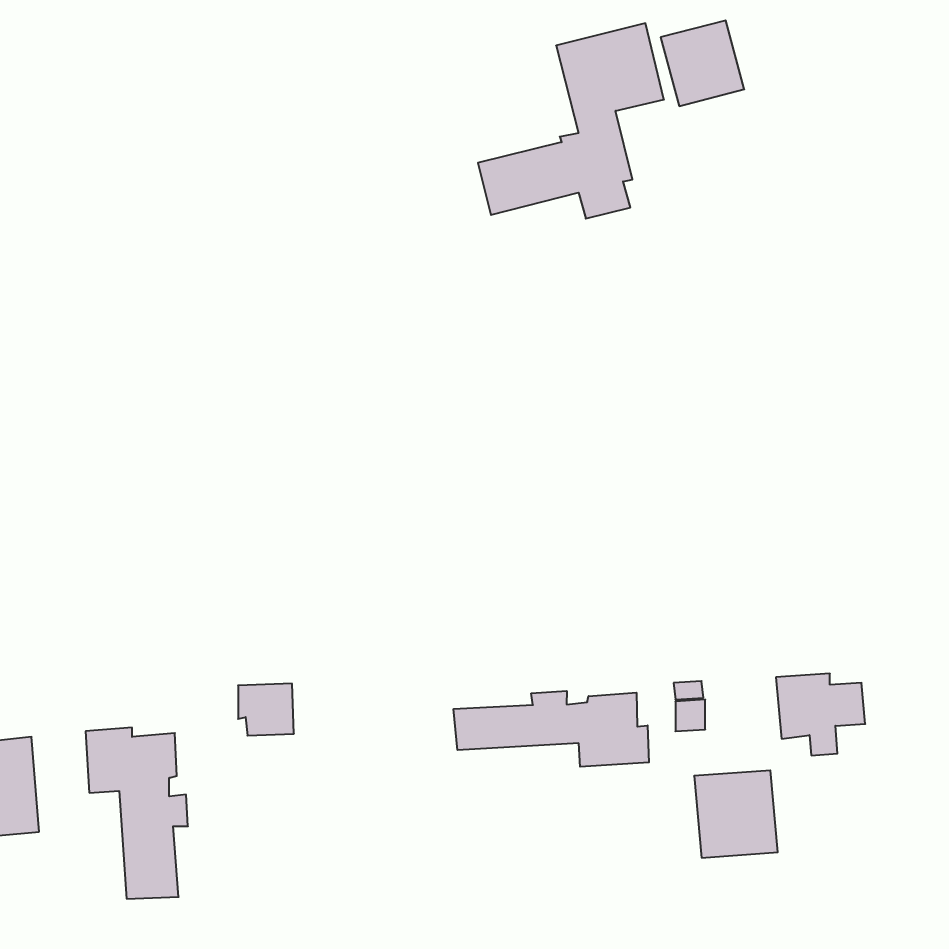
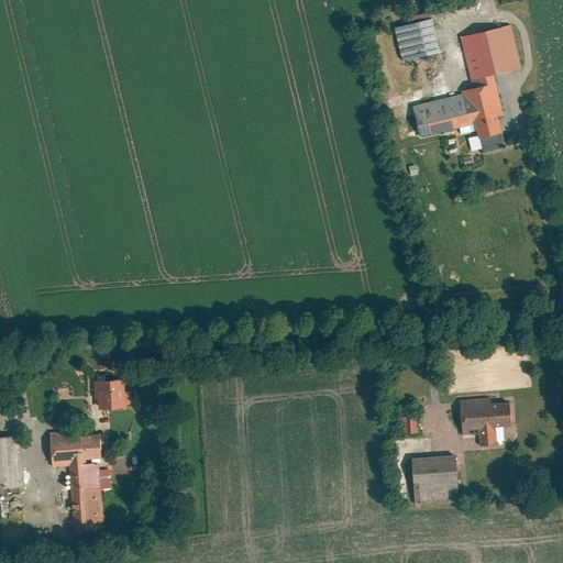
building: [478,23,664,219] -> [410,23,520,139]
building: [238,684,294,736] -> [96,379,129,410]
building: [454,691,649,767] -> none

